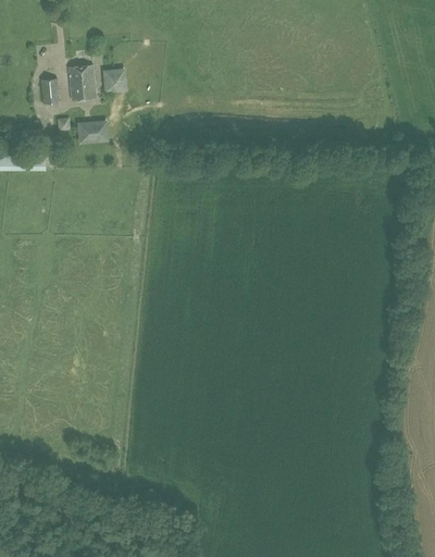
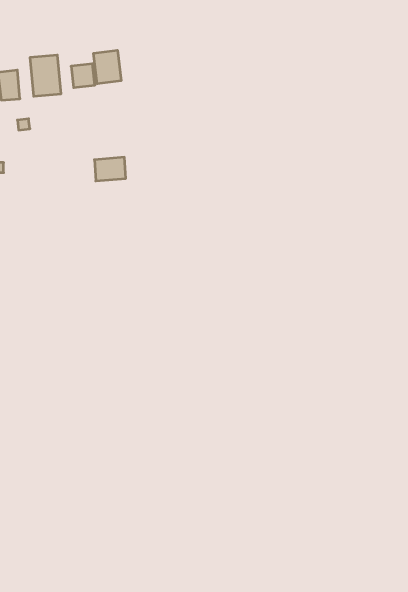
building: none -> [94,50,121,84]
building: [78,121,105,141] -> [94,157,126,181]

